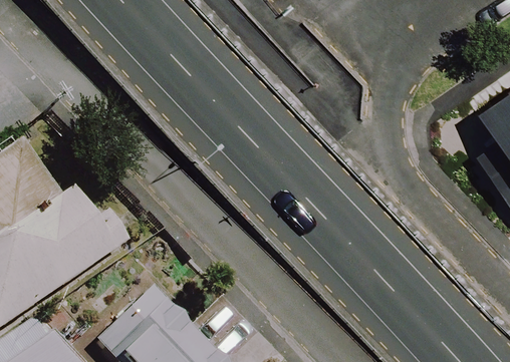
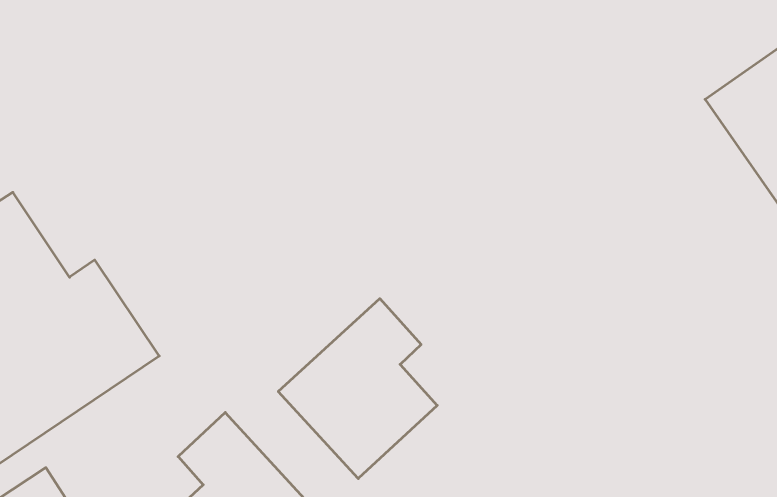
building: none -> [278,299,437,479]

